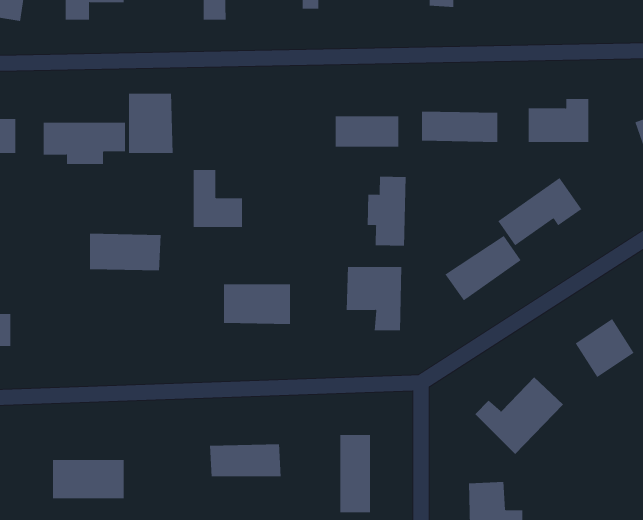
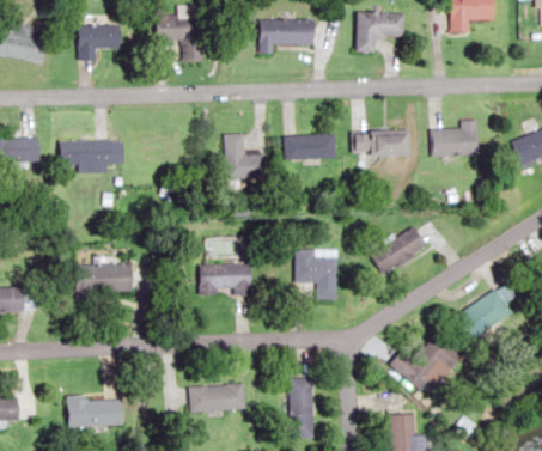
building: [129,93,173,154] -> none
building: [193,170,243,228] -> [225,134,263,178]
building: [367,176,406,247] -> none
building: [497,177,582,246] -> none
building: [89,233,161,271] -> [80,263,135,292]

